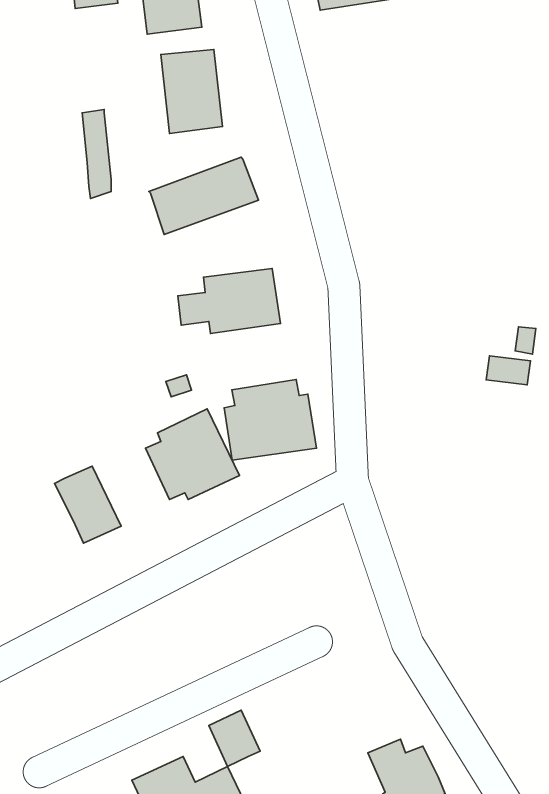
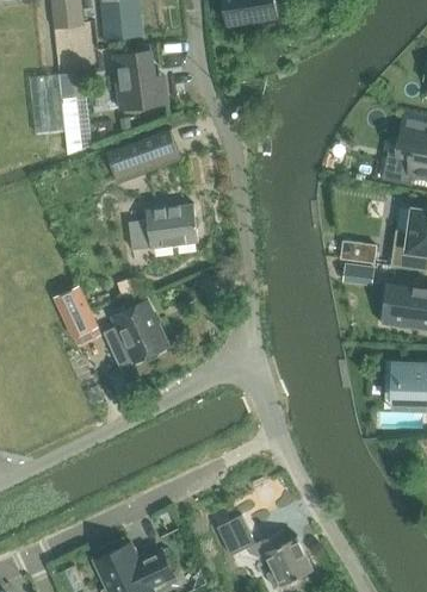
building: none -> [30,71,63,132]
building: [224,380,317,460] -> none
building: [55,466,121,543] -> [52,282,99,336]
building: [209,710,260,767] -> [218,516,254,555]

